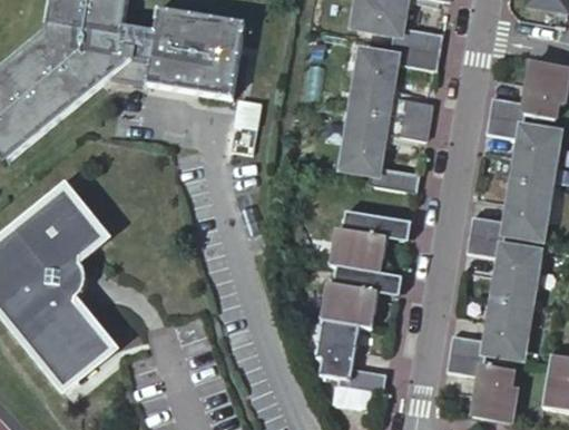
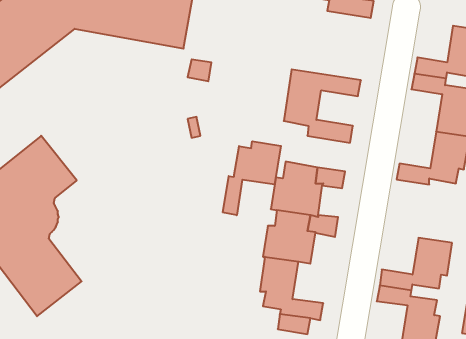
building: [351,46,440,124] -> none
building: none -> [223,141,281,215]
building: [467,235,537,306] -> none

